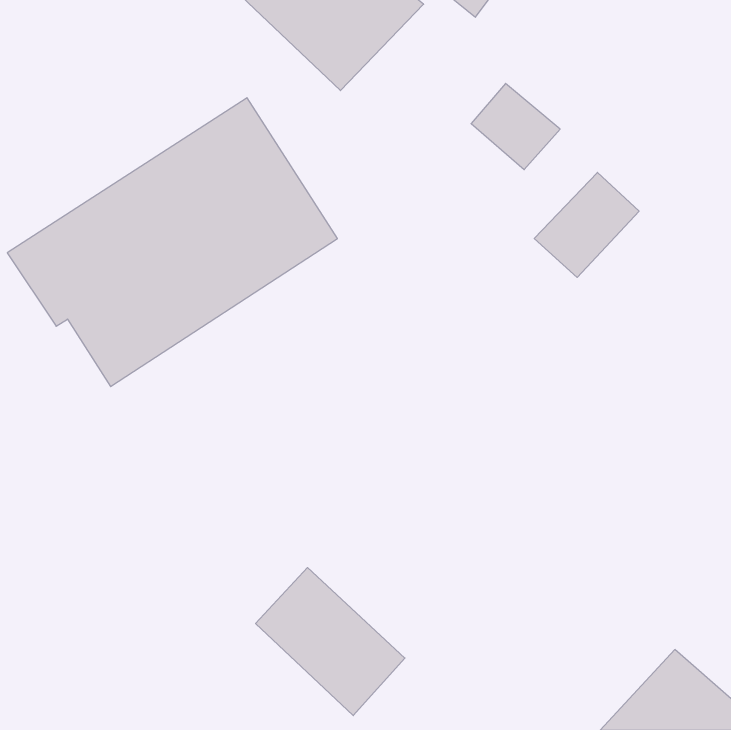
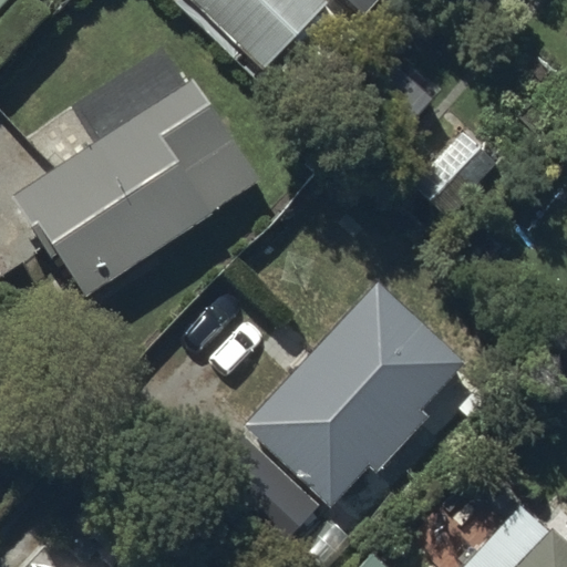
building: none -> [243,281,465,506]

